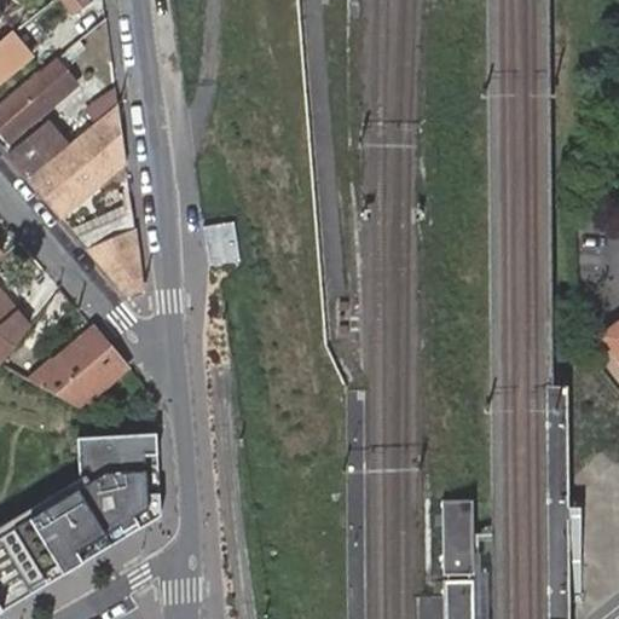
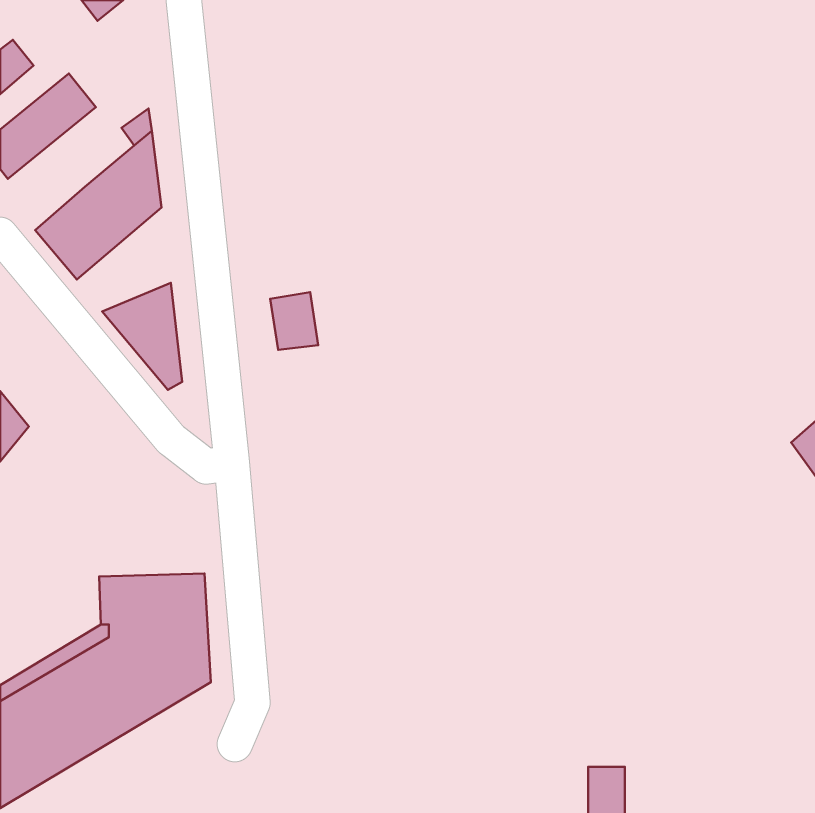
building: [7,120,65,177] -> none
building: [27,328,122,404] -> none
building: [442,503,475,579] -> none

